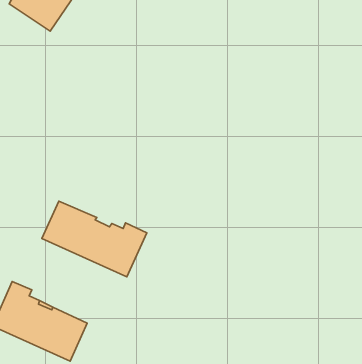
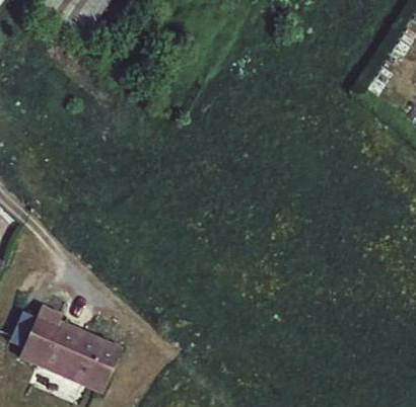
building: [42,201,147,277] -> none

